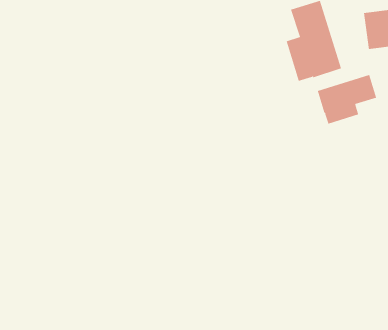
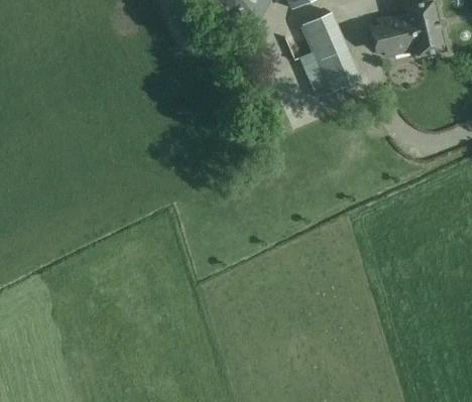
building: [317,74,377,124] -> none

